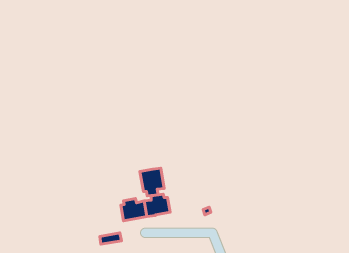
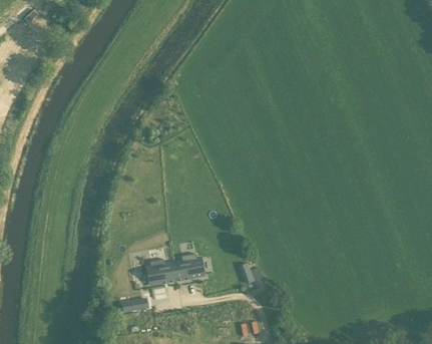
building: [140,168,164,196] -> none

